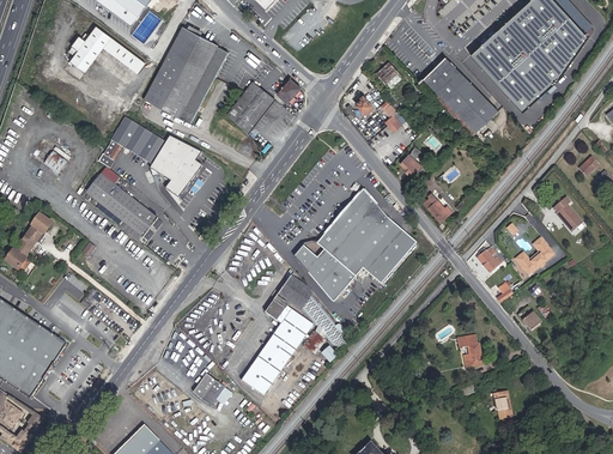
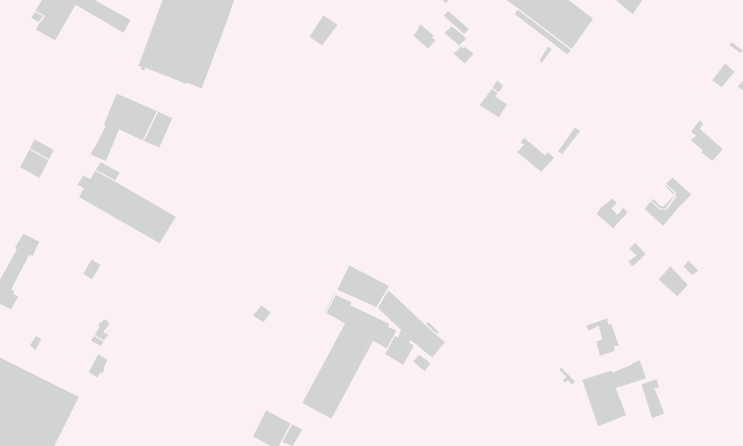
building: [226,83,274,134] -> none
building: [153,137,202,198] -> none
building: [296,189,419,303] -> none
building: none -> [581,360,647,427]

